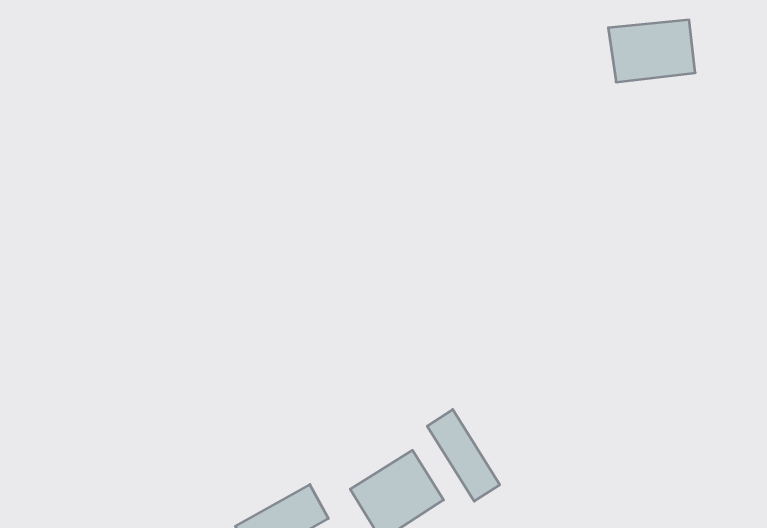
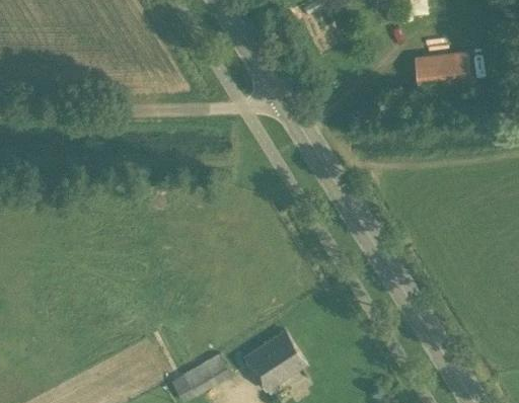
building: [427,409,500,501] -> none

